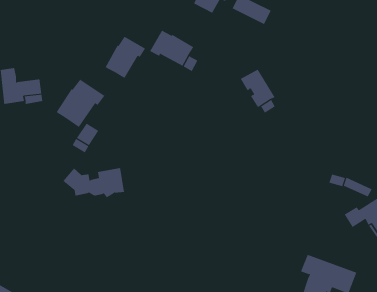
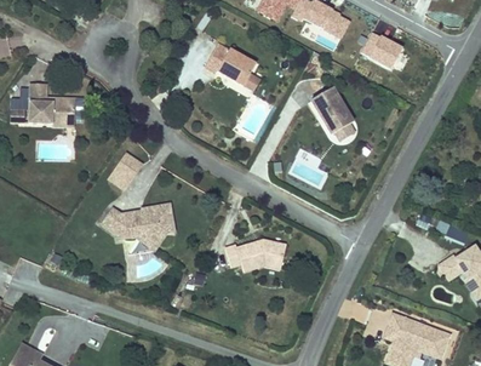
building: none -> [361,30,403,70]
building: [105,36,146,79] -> none
building: [56,79,105,128] -> none
building: none -> [221,244,282,279]

